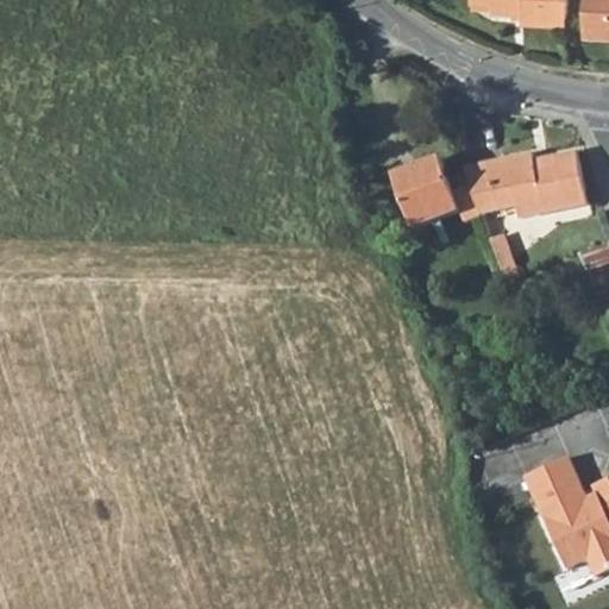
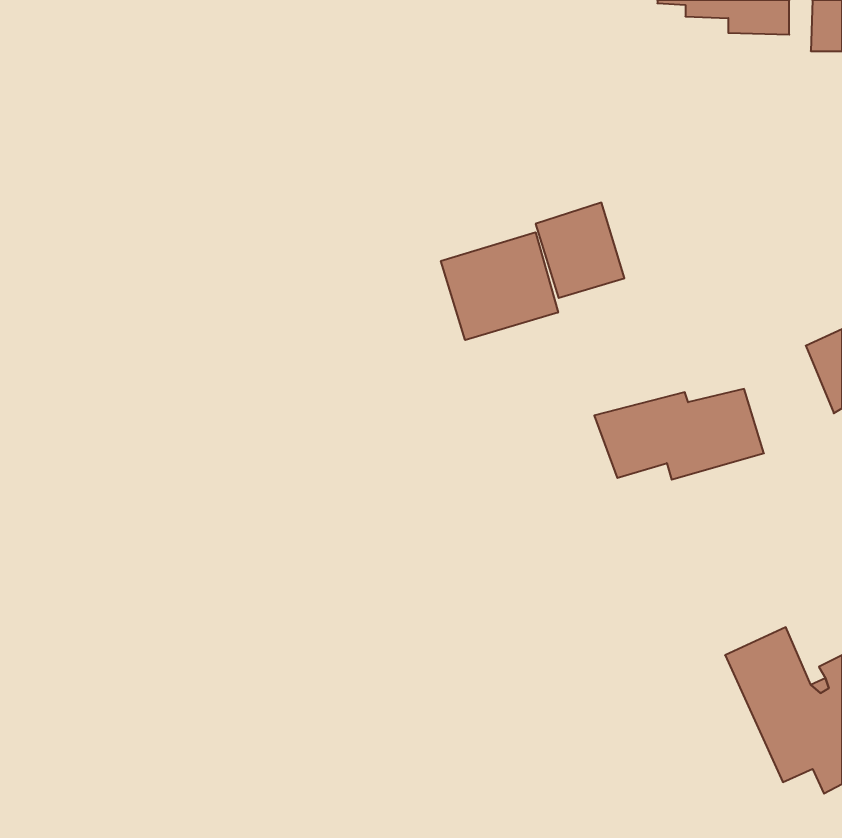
building: [467,150,590,215] -> [594,389,764,480]
building: none -> [441,232,558,340]

